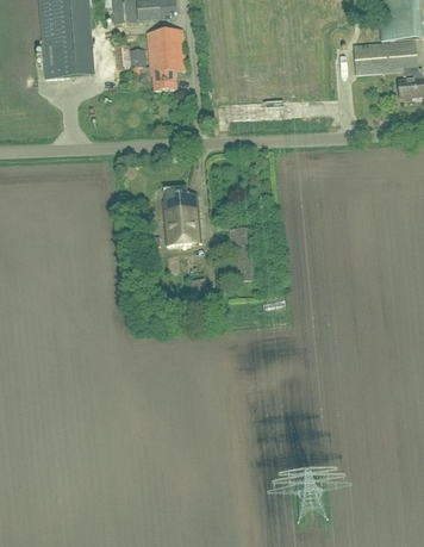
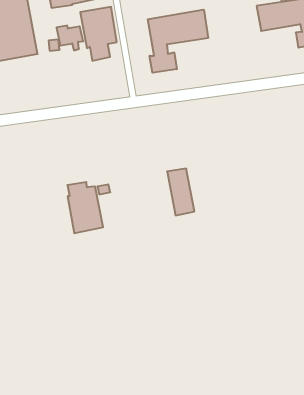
building: none -> [148,10,208,73]
building: [162,186,200,244] -> [67,182,103,233]

